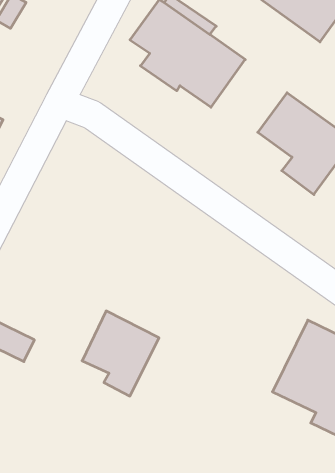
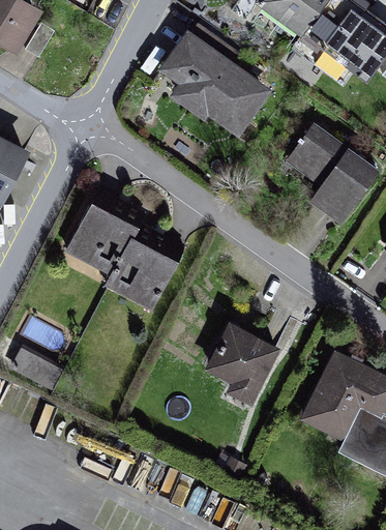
building: none -> [64,189,185,312]
building: [82,311,159,396] -> [204,321,280,406]

